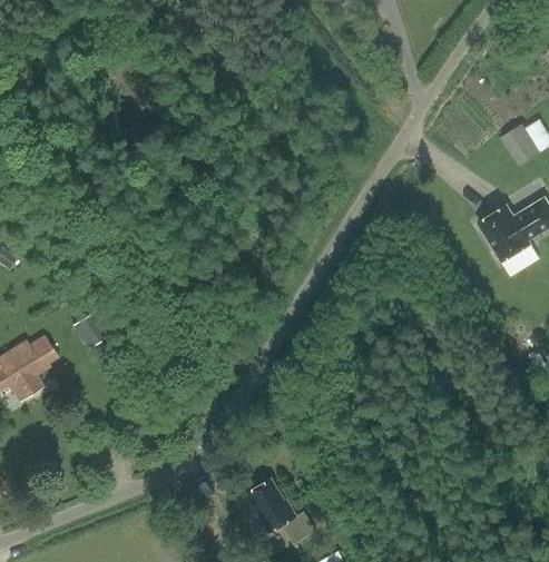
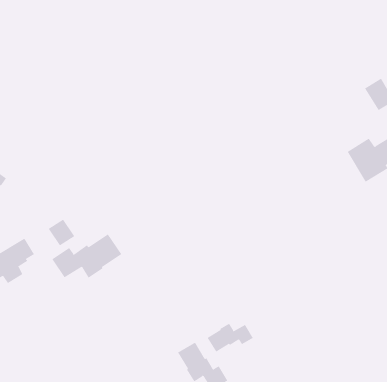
building: none -> [52,233,122,279]
building: none -> [207,323,253,352]

